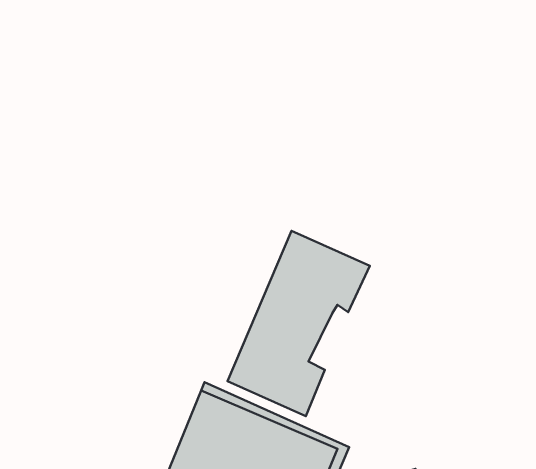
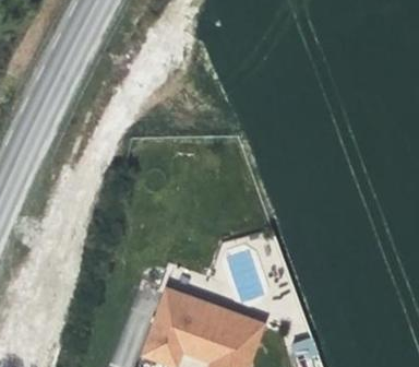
building: [227,231,370,416] -> none

